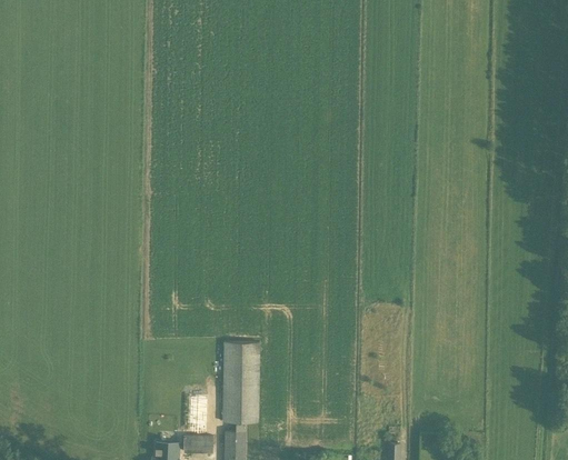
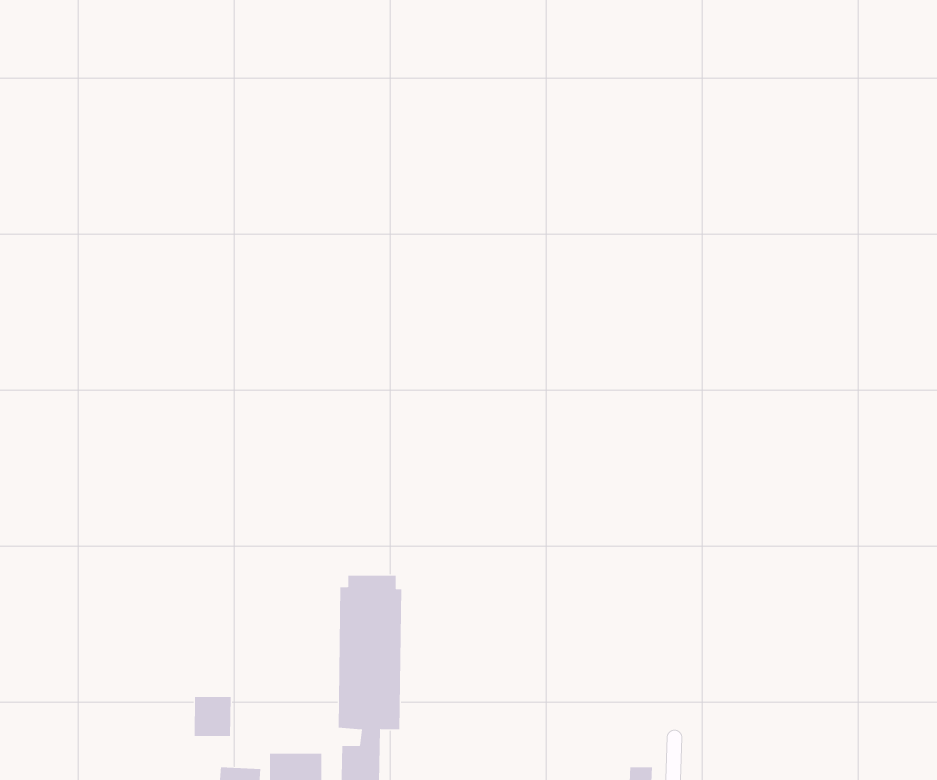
building: none -> [194,696,231,737]

